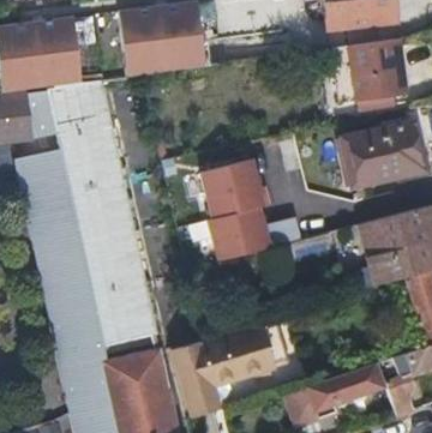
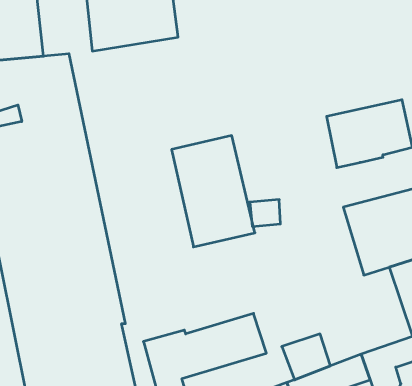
building: [337,38,409,109] -> none

